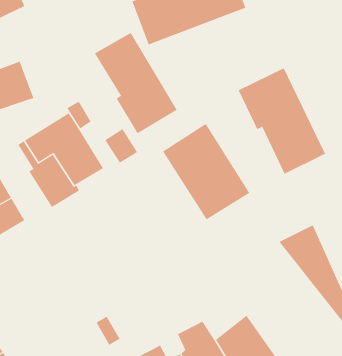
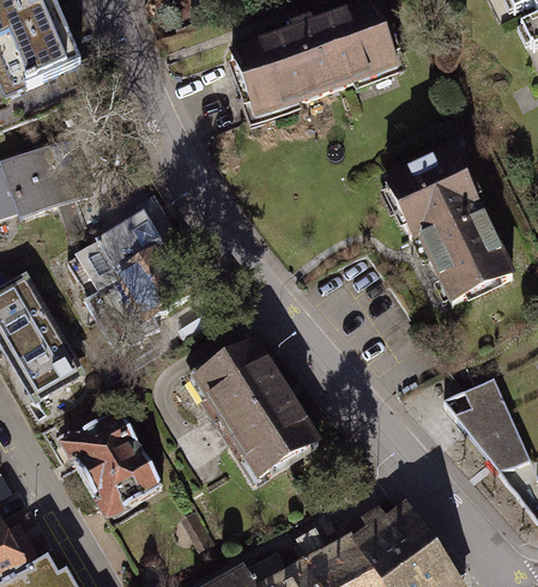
building: [94,32,178,134] -> none
building: [162,123,250,220] -> [191,341,318,482]
building: [104,128,138,164] -> none
building: none -> [62,410,163,519]

